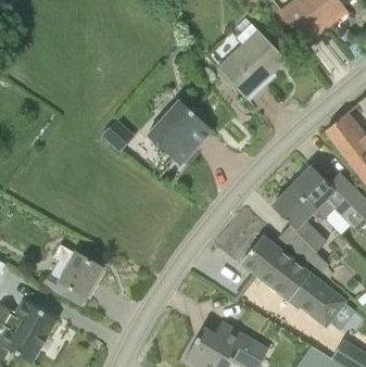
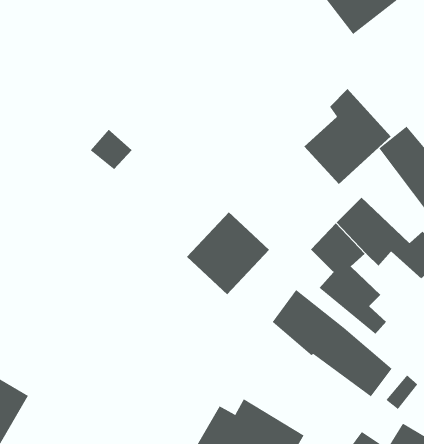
building: [218,23,286,97] -> [303,88,392,185]
building: [148,100,212,164] -> [186,211,270,295]
building: [43,244,103,304] -> none

